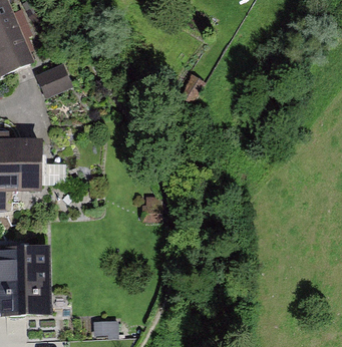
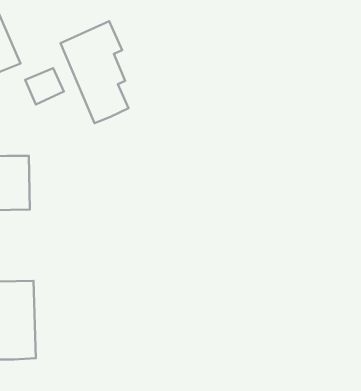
building: none -> [60,21,129,123]

